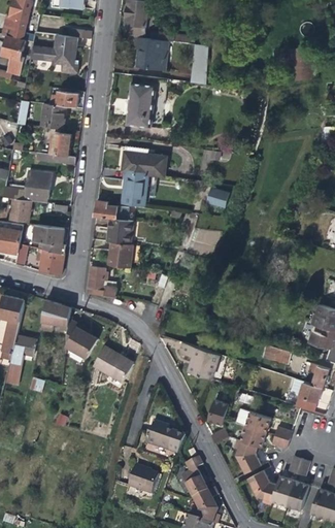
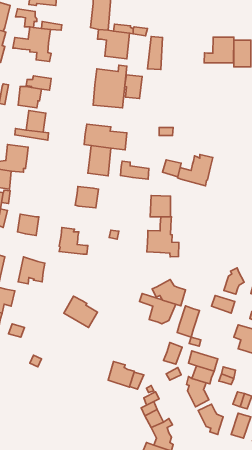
building: none -> [204,37,234,63]
building: none -> [125,75,142,99]
building: none -> [177,155,213,186]
building: [95,200,128,221] -> [120,161,149,179]
building: [33,225,65,254] -> none
building: [107,241,133,267] -> none
building: none -> [147,217,179,257]
building: none -> [224,268,244,294]
building: [65,318,98,358] -> none
building: none -> [152,279,185,306]
building: none -> [177,306,200,337]
building: [129,468,159,496] -> none
building: [272,475,295,505] -> none

